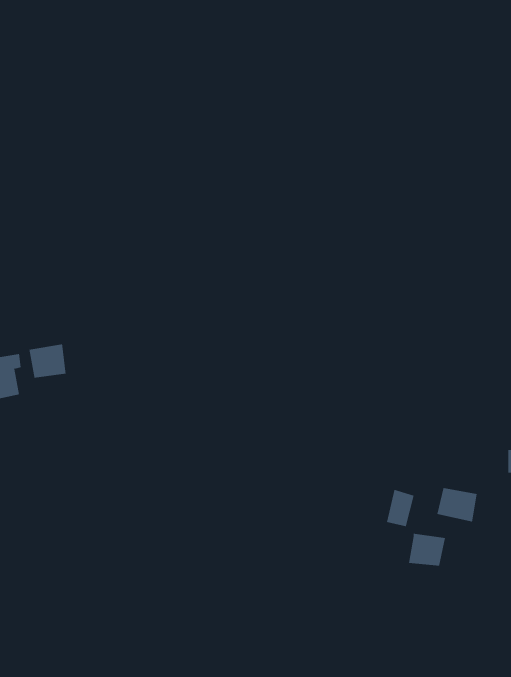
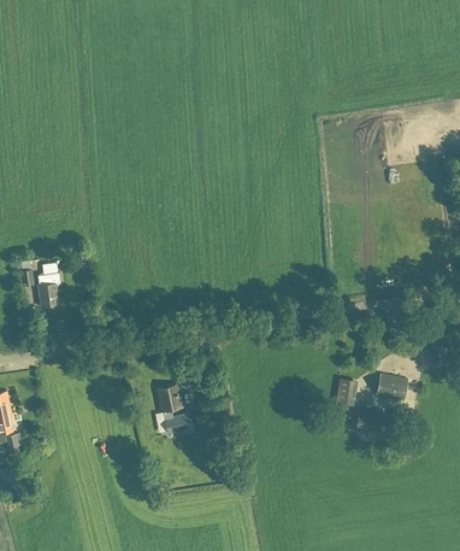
building: [29,344,66,378] -> none
building: none -> [158,383,190,430]

